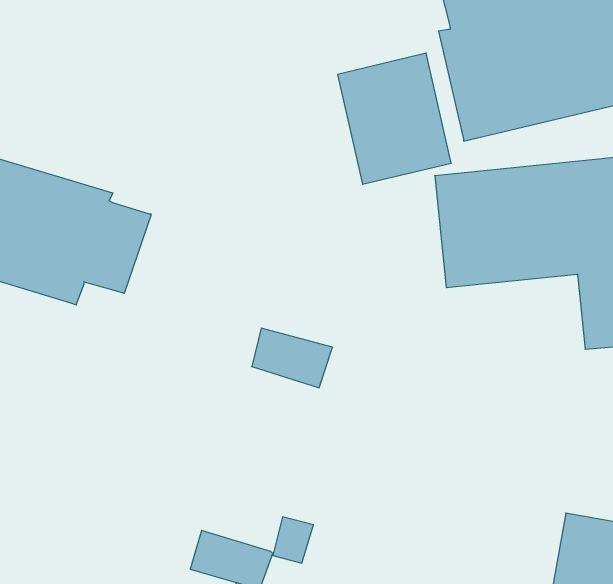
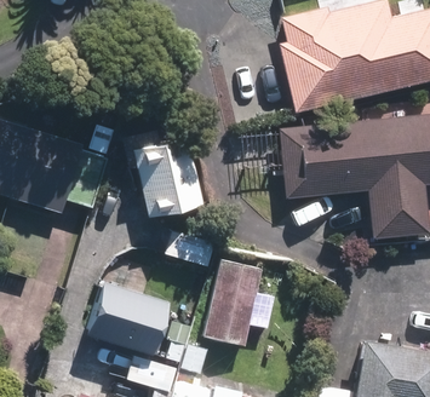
building: [338,53,451,184] -> [134,133,206,215]
building: none -> [203,258,264,366]
building: none -> [84,281,168,356]

